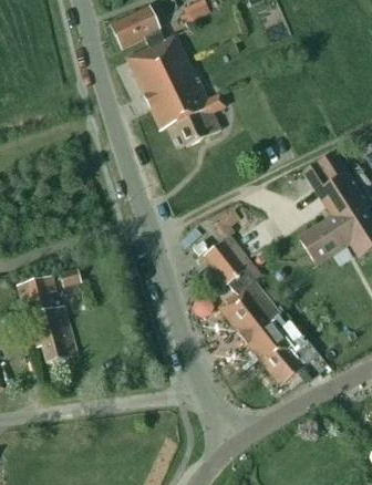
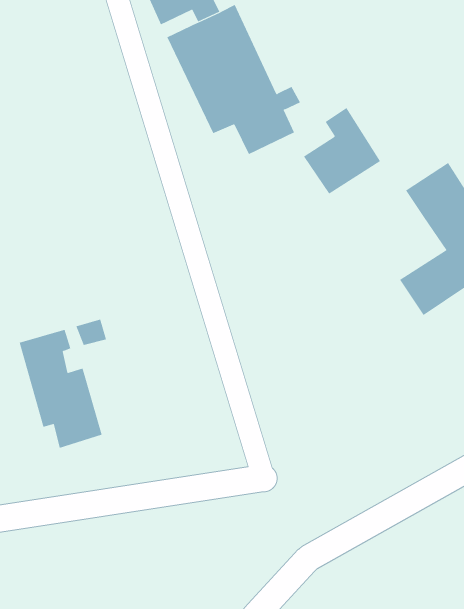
building: none -> [303,107,381,195]
building: [204,240,318,385] -> none

